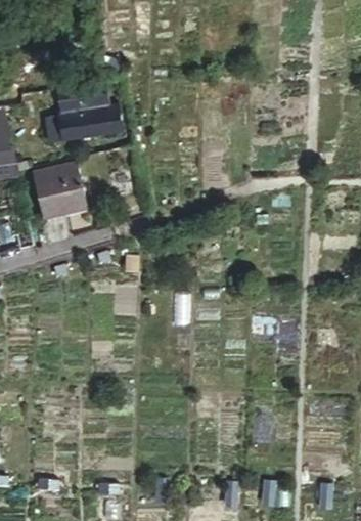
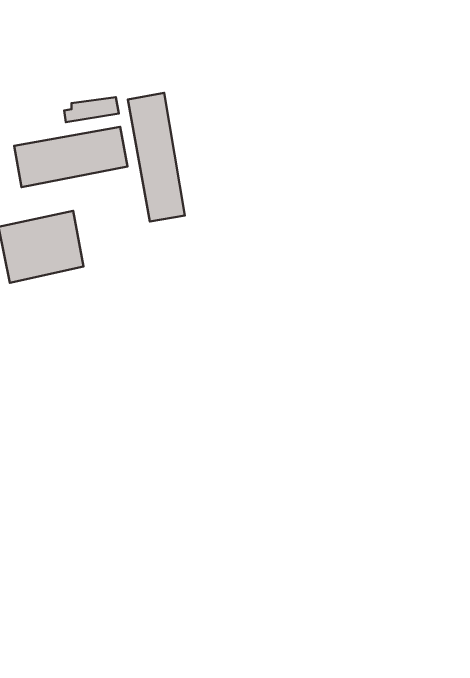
building: none -> [128,93,185,222]

